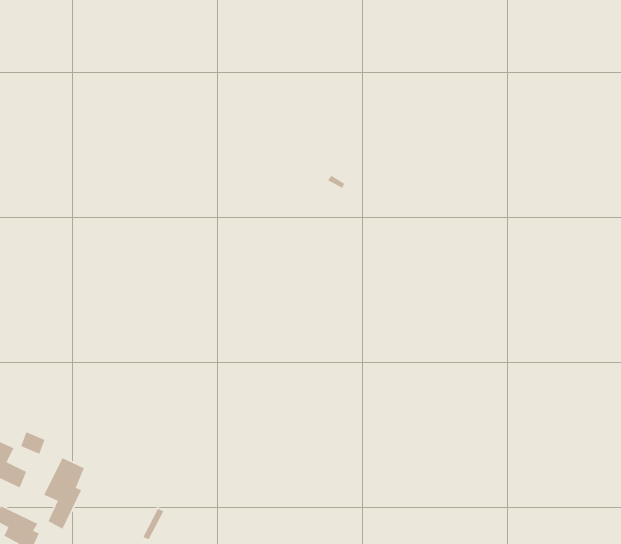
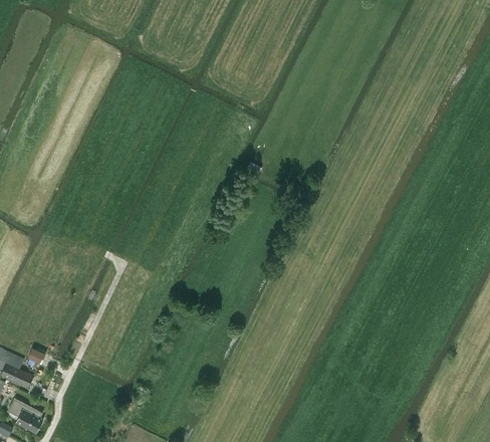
building: [43,457,85,530] -> none

